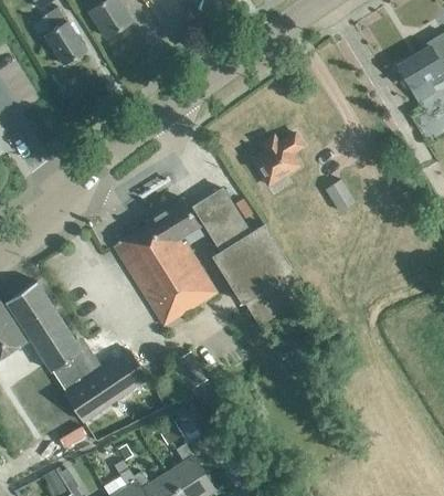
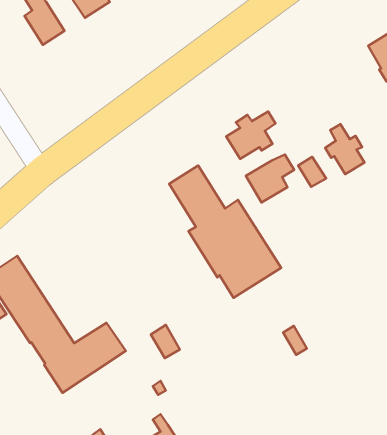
building: none -> [325,124,364,174]
building: none -> [246,154,294,203]
building: [114,197,218,325] -> none

